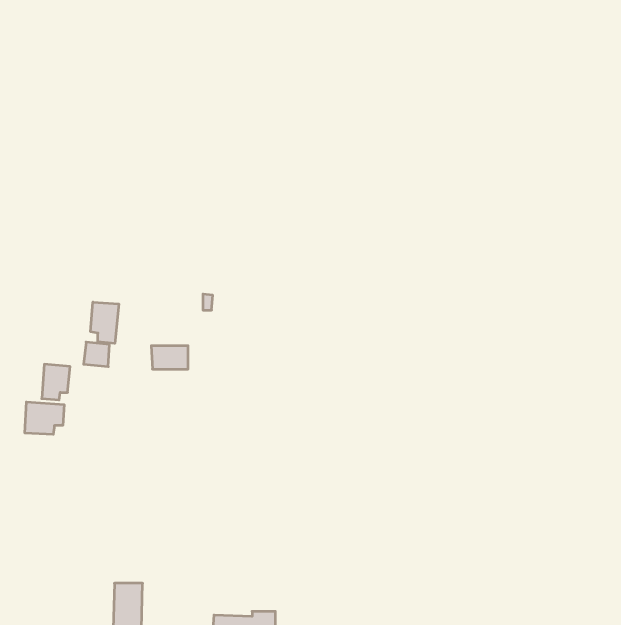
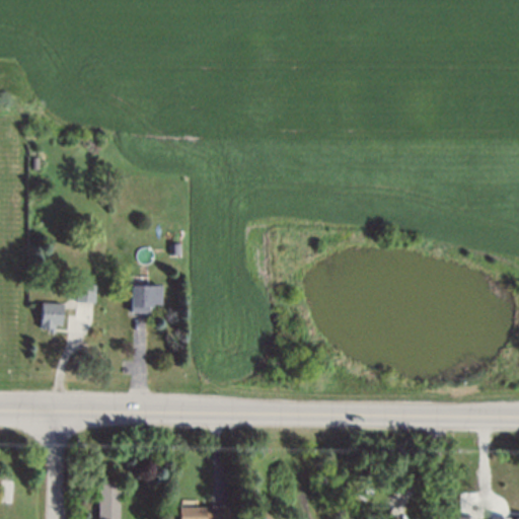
building: [91,302,119,343] -> none
building: [25,402,64,434] -> none

